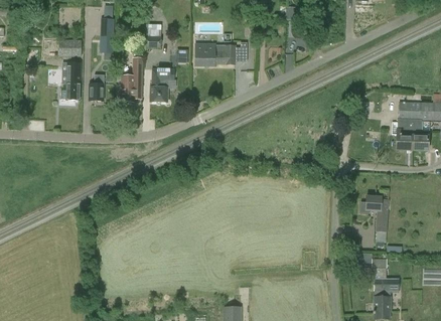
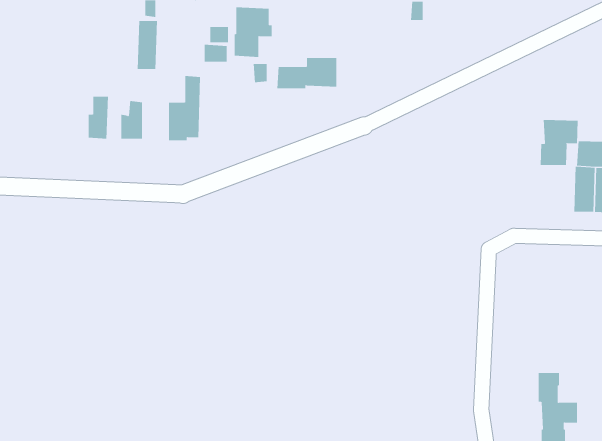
building: [58,39,81,56] -> none
building: [150,67,176,102] -> [234,7,272,57]
building: none -> [540,119,578,166]
building: [365,195,388,240] -> none

